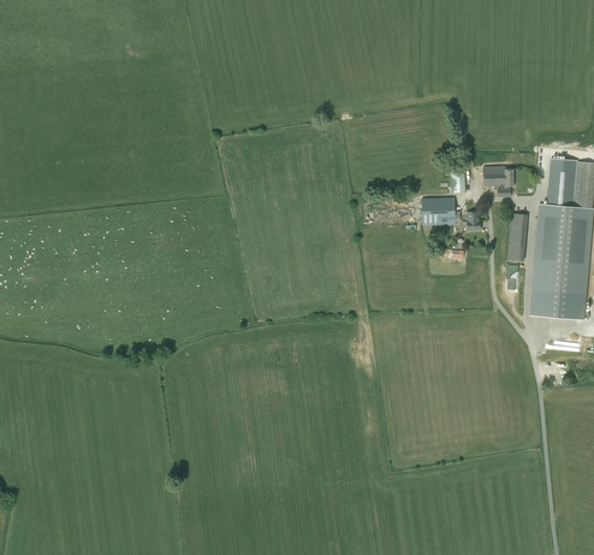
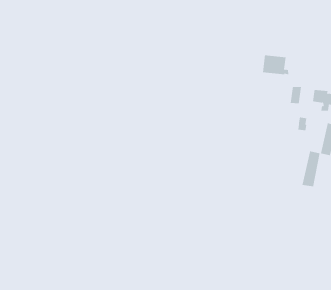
building: [421,197,462,225] -> [262,55,289,75]
building: none -> [302,150,320,187]

